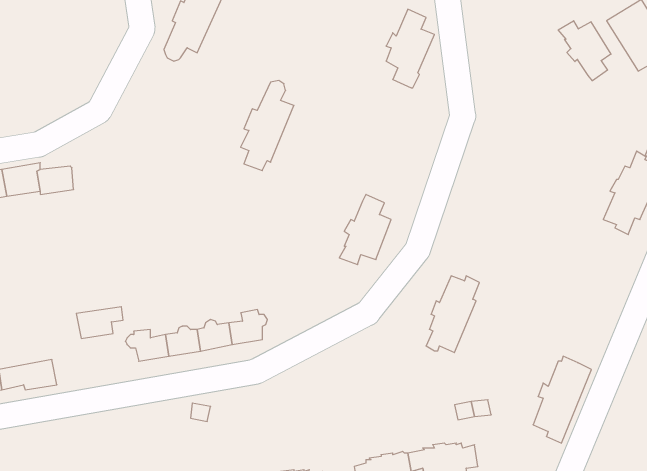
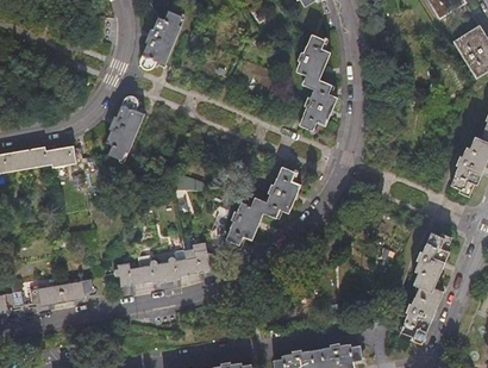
building: [558,21,611,81] -> none
building: none -> [300,81,338,131]
building: [241,80,294,171] -> [104,95,142,160]
building: none -> [225,198,268,245]
building: [426,276,479,353] -> [413,232,451,287]
building: [76,307,123,338] -> [58,280,92,302]

